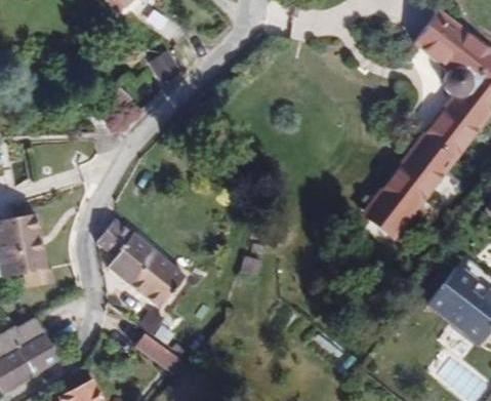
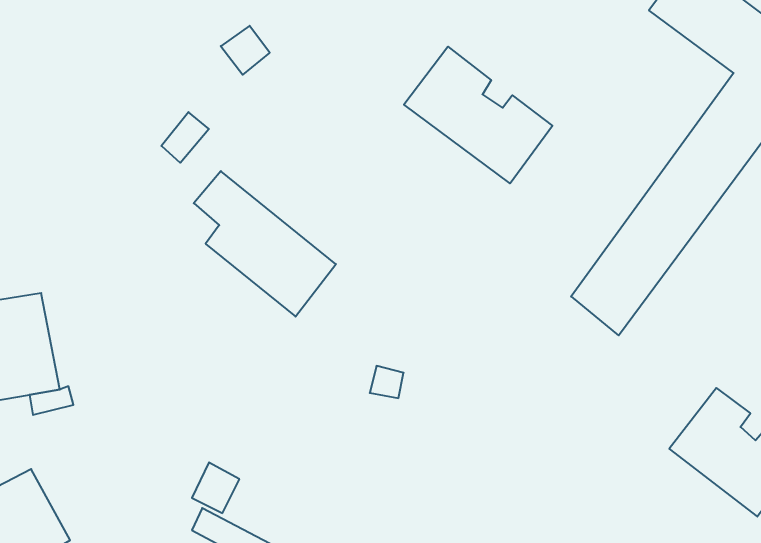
building: none -> [404,47,552,183]
building: [104,220,190,309] -> [194,171,336,317]

